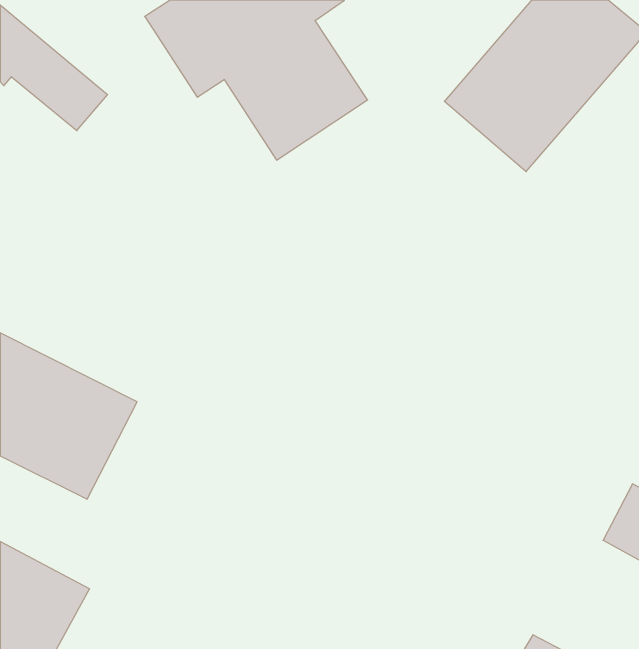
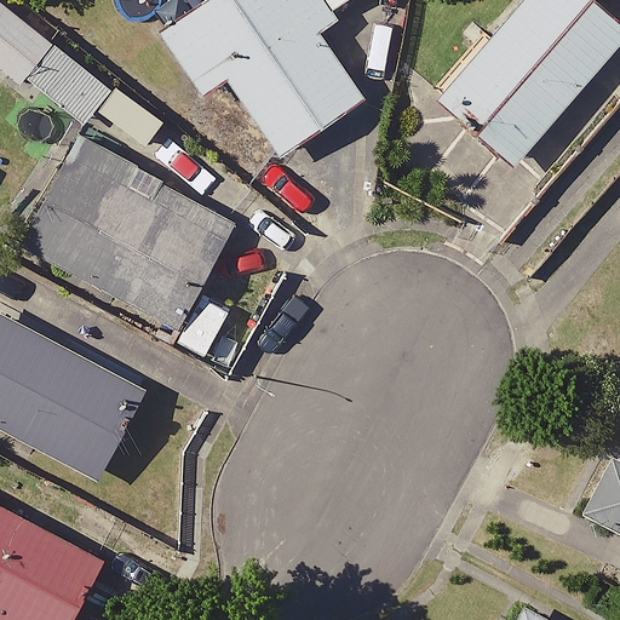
building: none -> [19,136,235,329]

